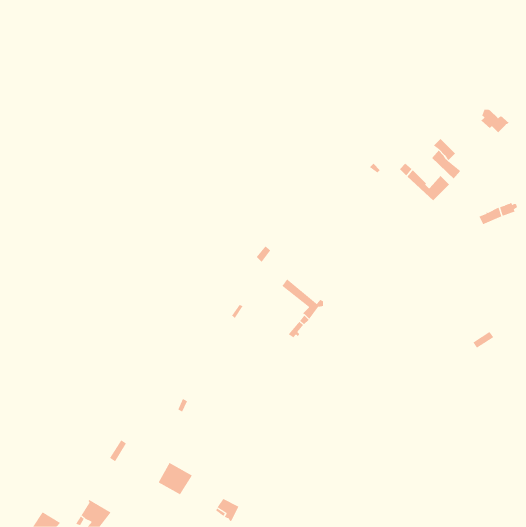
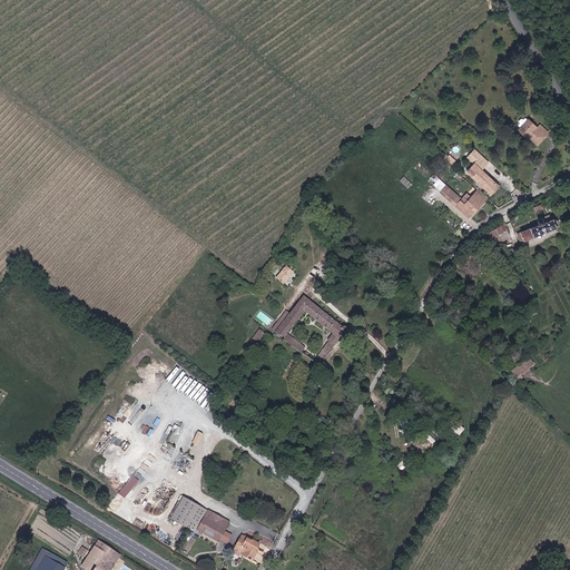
building: none -> [274,295,309,352]
building: none -> [197,513,228,543]

